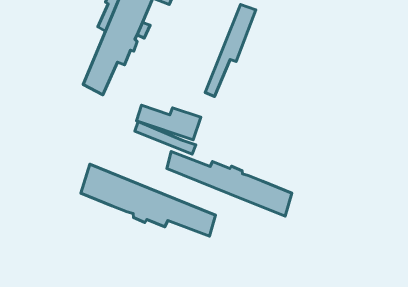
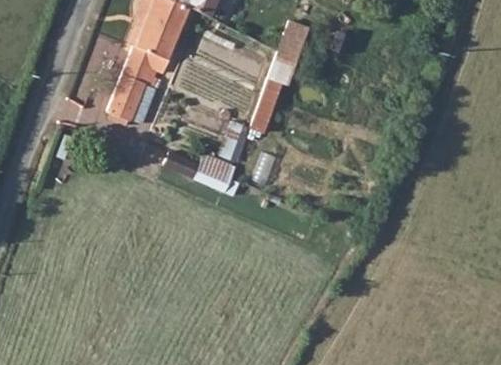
building: [167,152,292,216] -> none
building: [81,164,216,236] -> none

